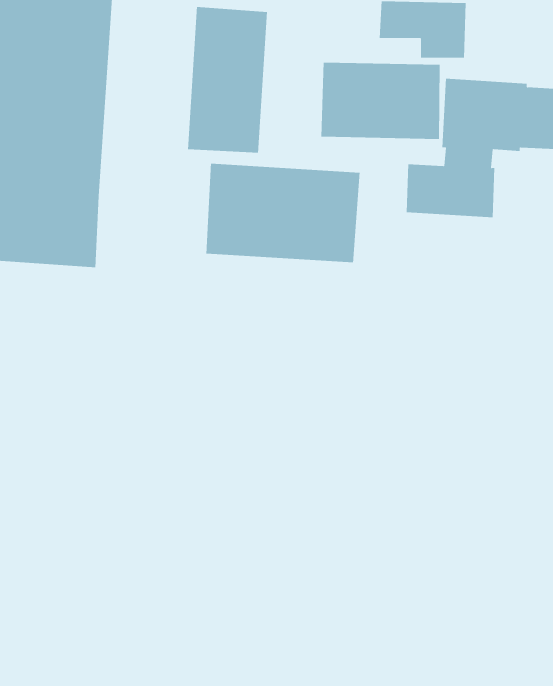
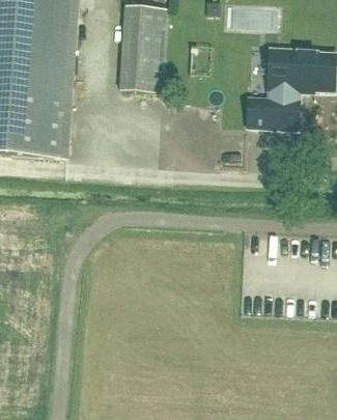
building: [321,62,440,140] -> none
building: [206,163,360,263] -> none

